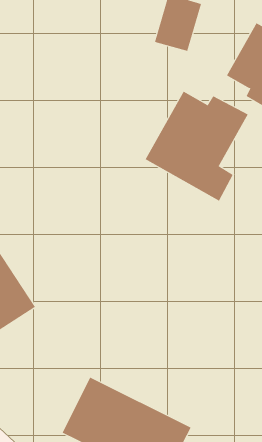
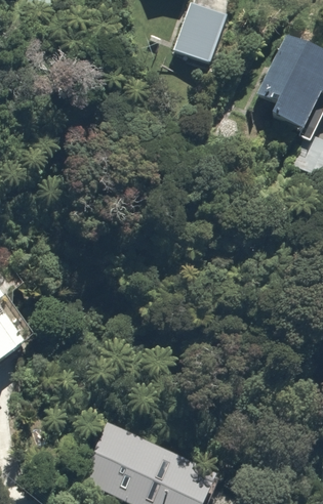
building: [145,91,249,201] -> none

